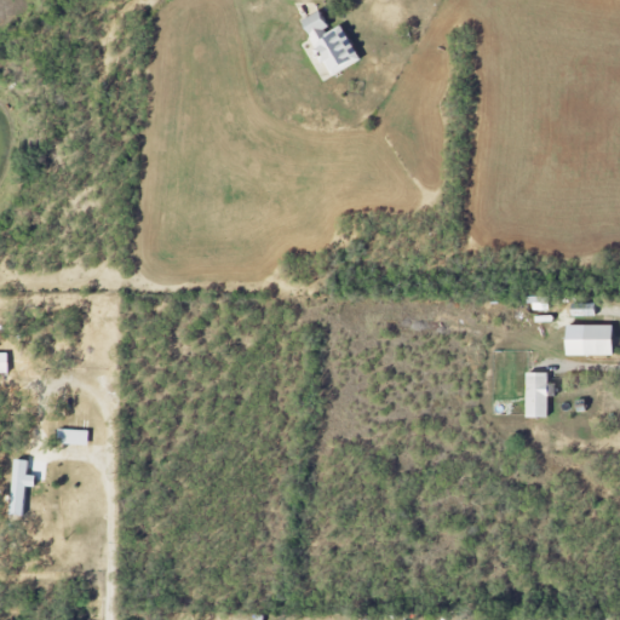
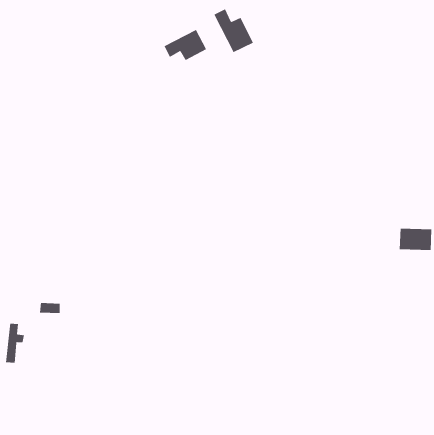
building: none -> [164,29,207,61]
building: [524,372,547,417] -> none

